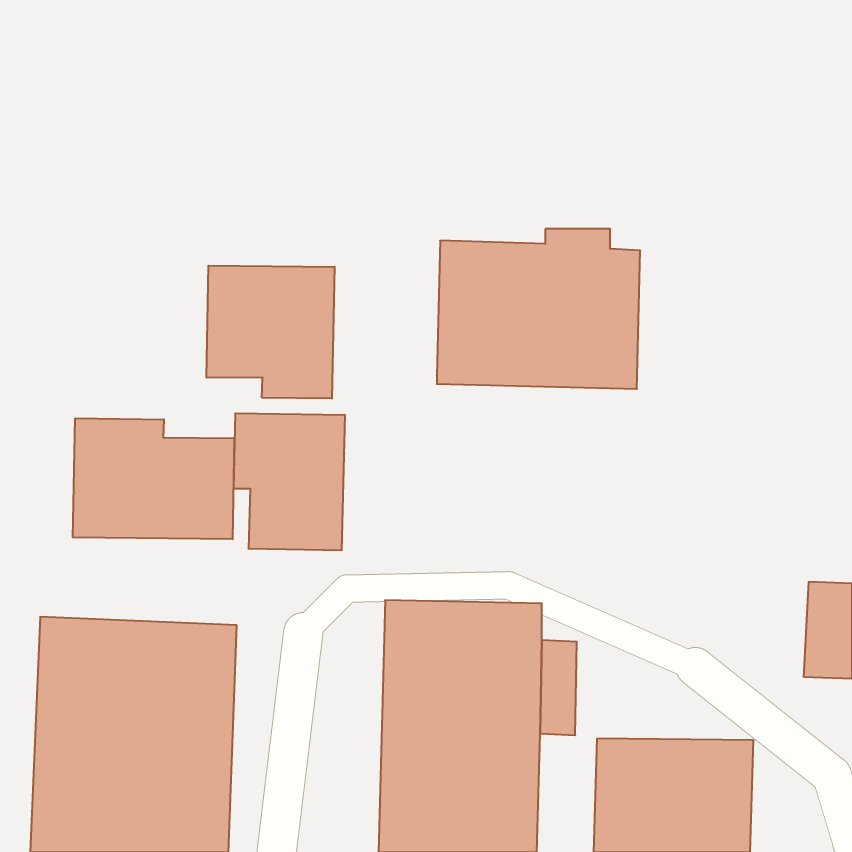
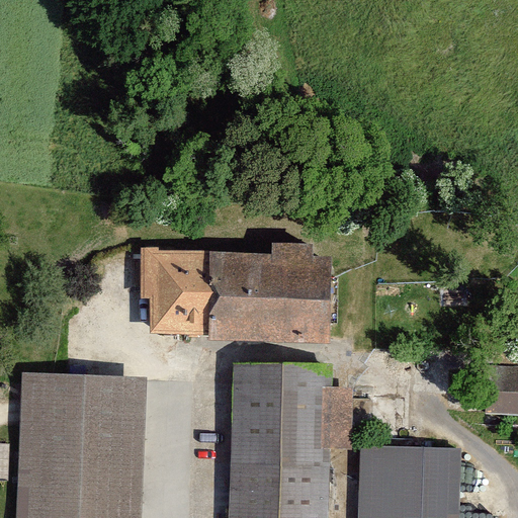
building: [437,229,640,389] -> [207,245,331,342]
building: [206,266,335,399] -> none
building: [73,418,234,539] -> none

